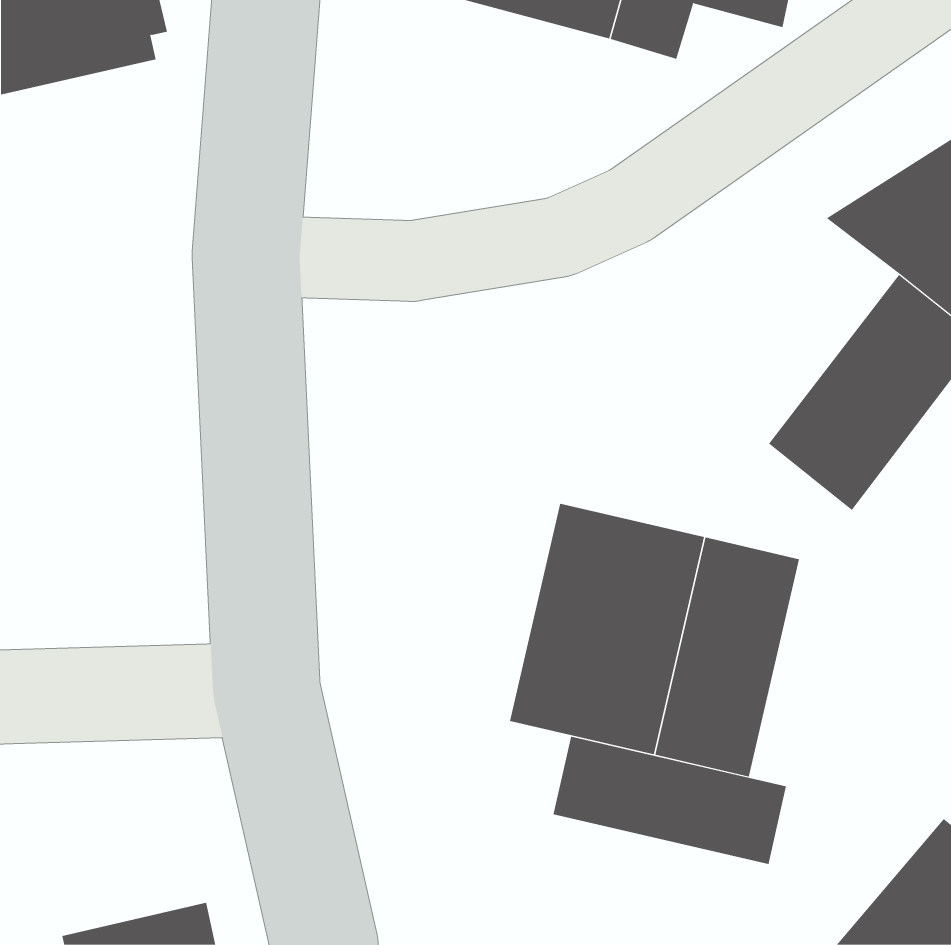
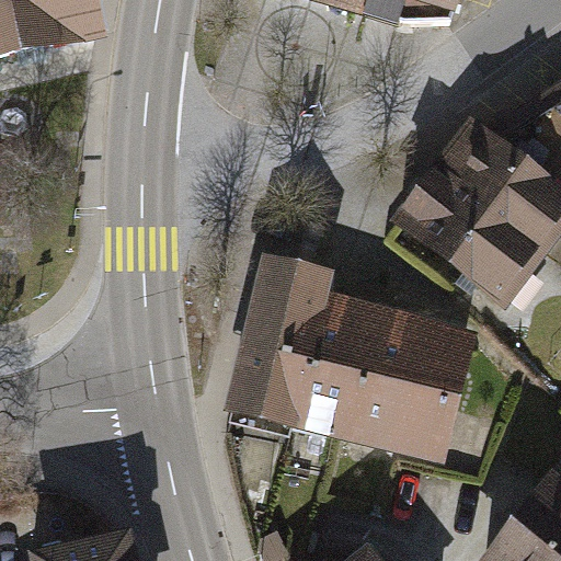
building: none -> [398,119,529,261]
building: none -> [227,257,335,424]
building: [553,736,787,865] -> none

